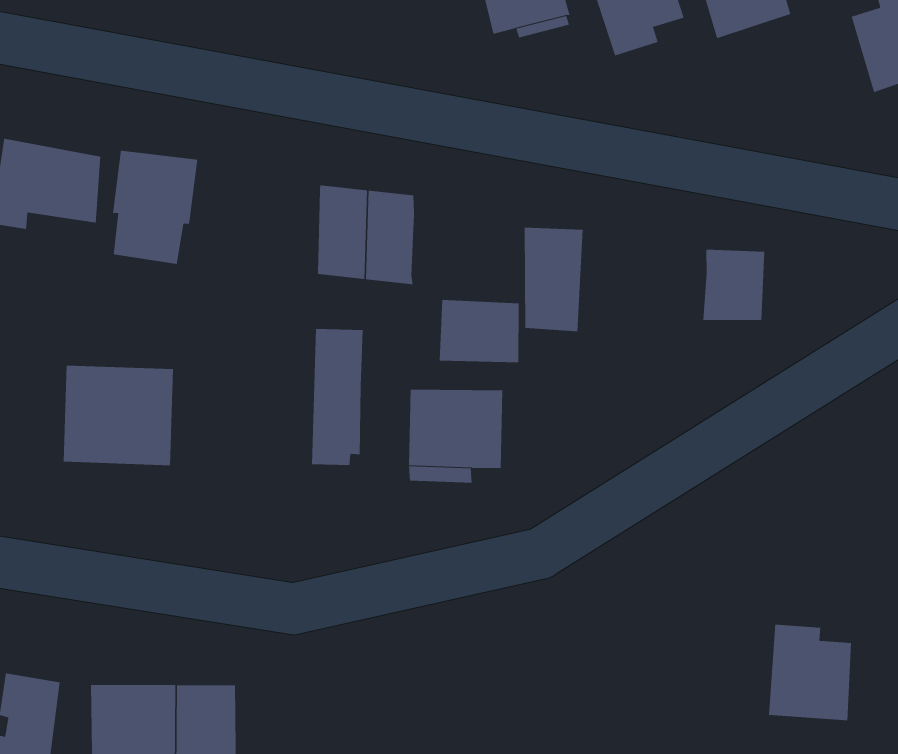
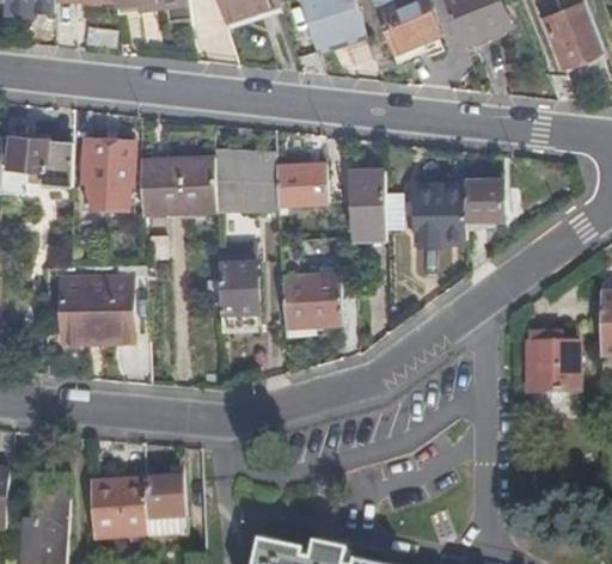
building: none -> [139,154,215,209]
building: none -> [411,190,464,243]
building: [439,299,520,363] -> [275,164,328,204]
building: [768,624,852,721] -> [527,332,579,391]

